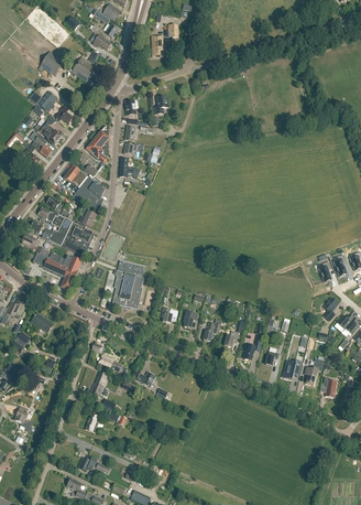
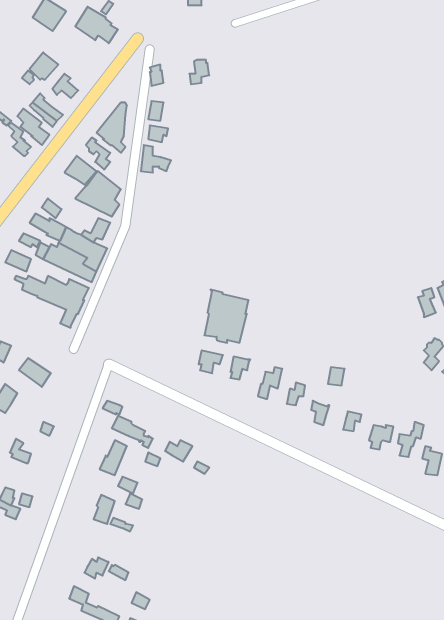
building: [112,270,144,309] -> [204,290,249,343]

